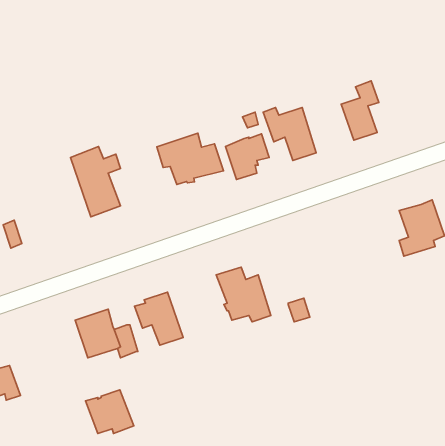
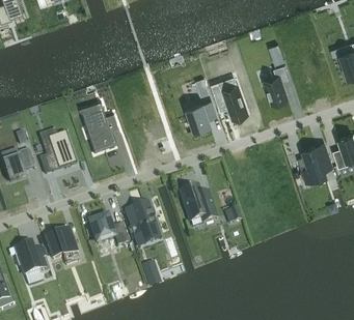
building: [157,133,223,184] -> none
building: none -> [46,132,75,168]
building: [85,390,134,434] -> [45,229,77,258]

